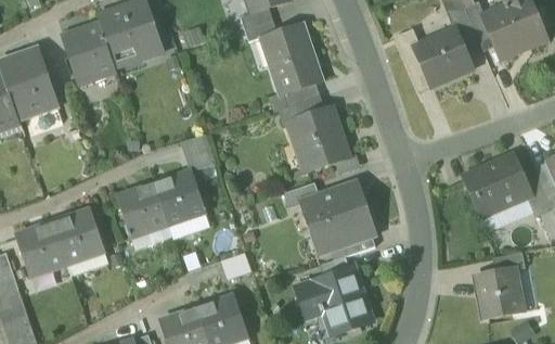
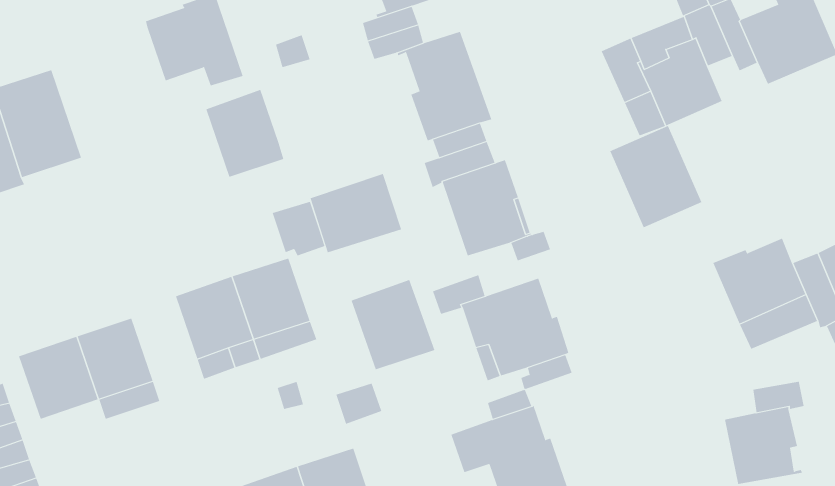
building: [63,21,114,78] -> [206,89,284,178]
building: none -> [609,125,702,228]
building: none -> [310,173,402,253]
building: none -> [351,279,435,370]

